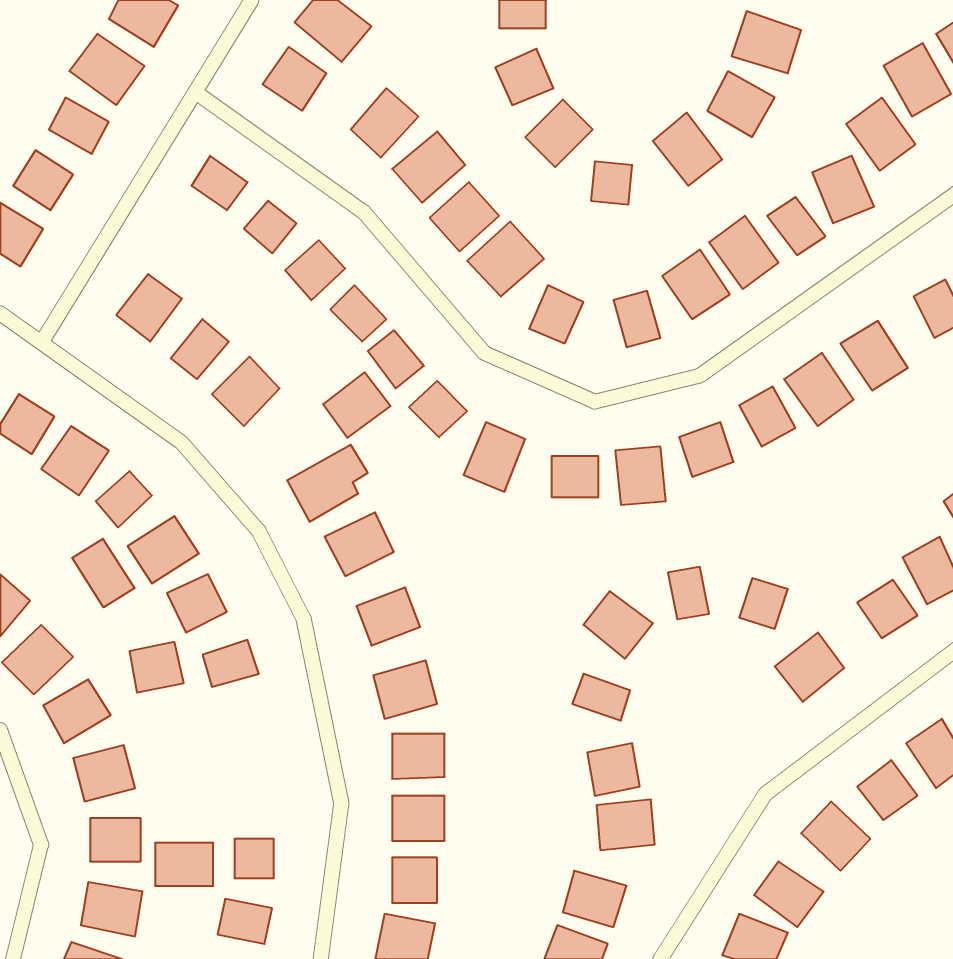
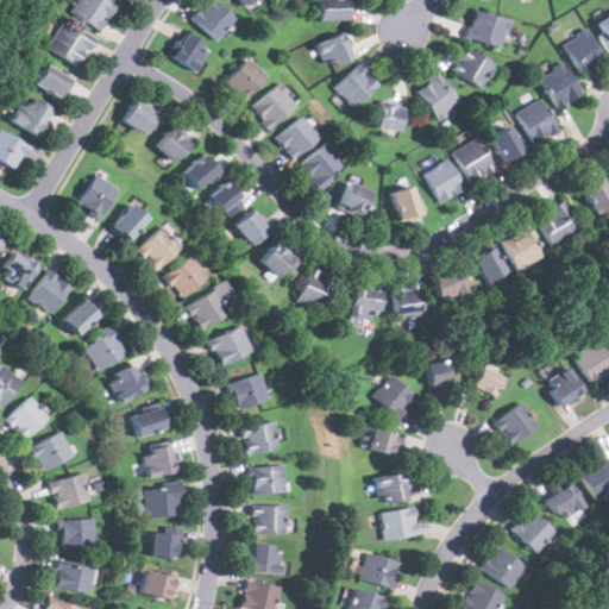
building: [323,372,391,438] -> [165,256,208,297]
building: [72,539,135,607] -> none
building: [129,642,184,693] -> [143,445,177,477]
building: [155,843,213,886] -> [144,488,181,515]

